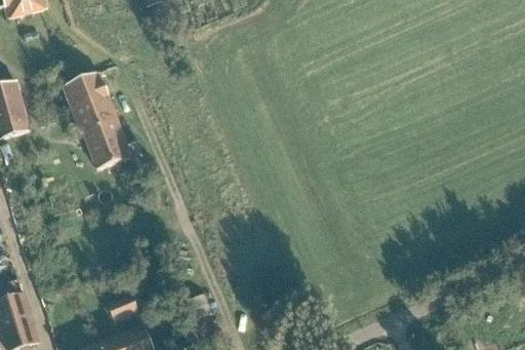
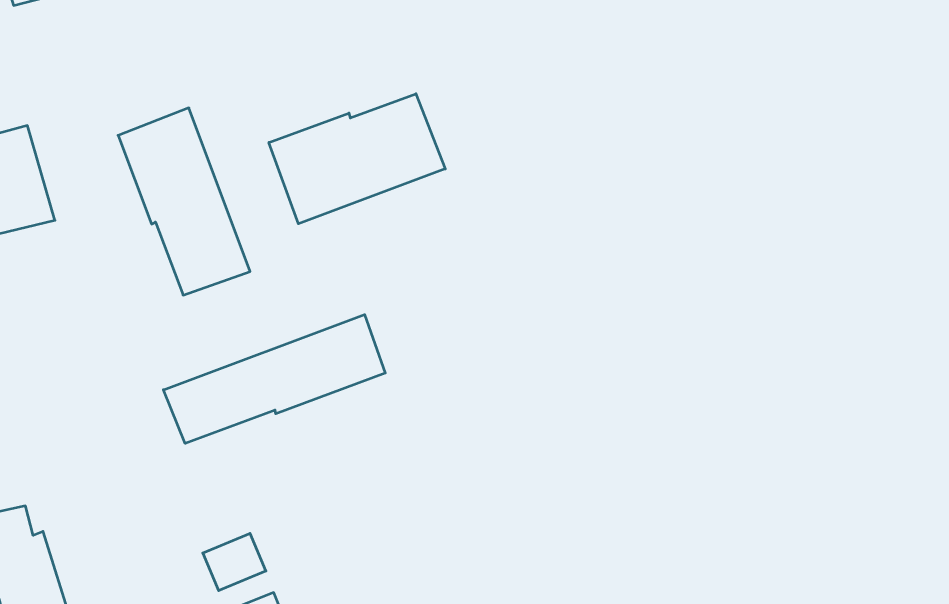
building: none -> [269,94,445,224]
building: none -> [163,315,385,443]

